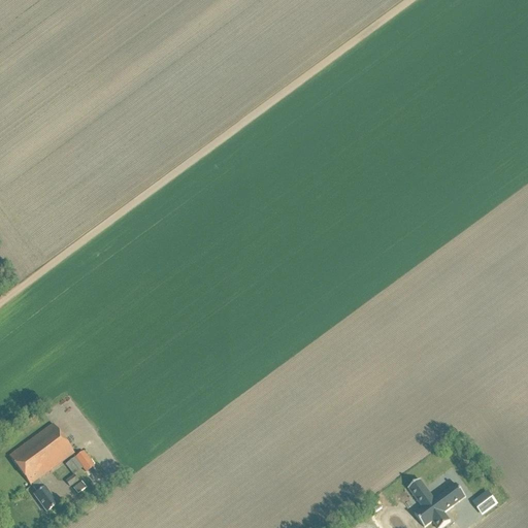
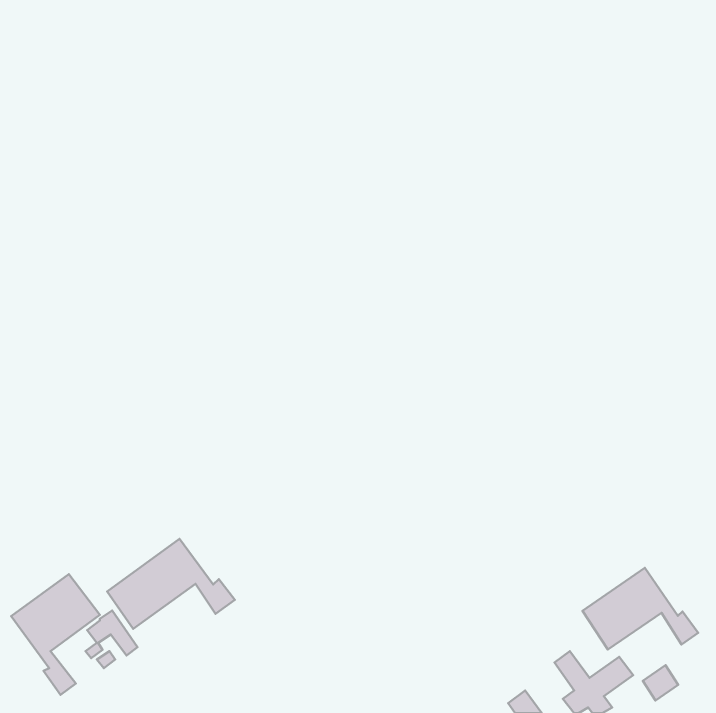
building: none -> [107,539,235,629]
building: none -> [582,568,698,649]

